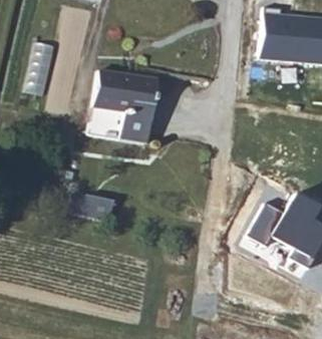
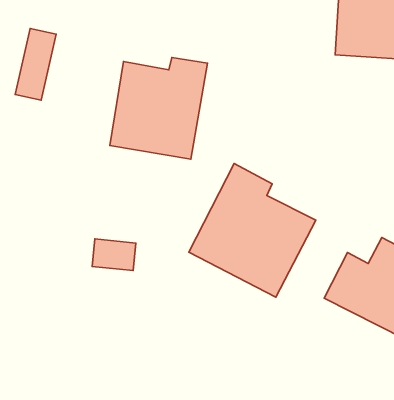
building: none -> [189,164,316,297]

